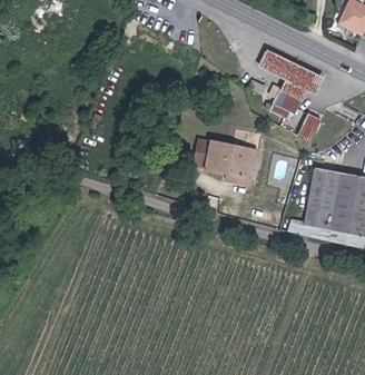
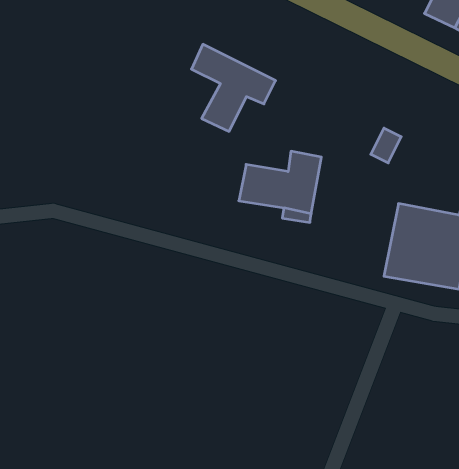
building: [257,50,322,117] -> [191,44,276,131]

